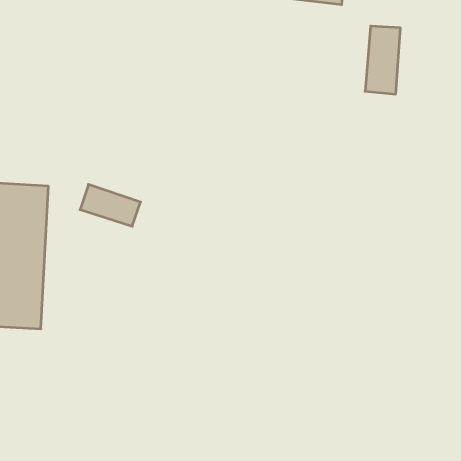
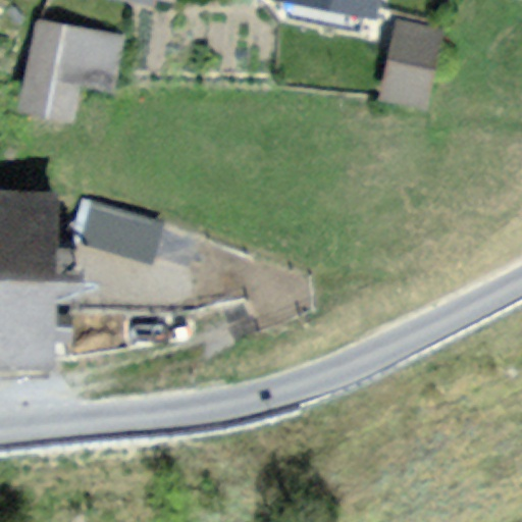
building: none -> [28,19,101,107]

